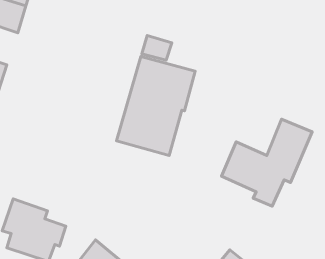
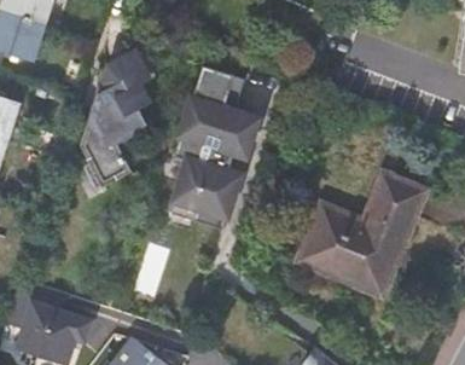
building: none -> [81,58,143,185]

